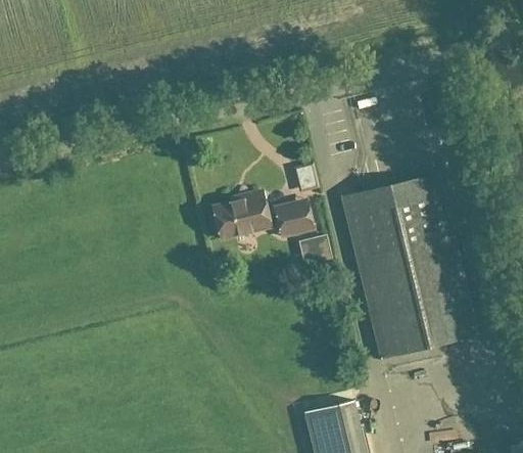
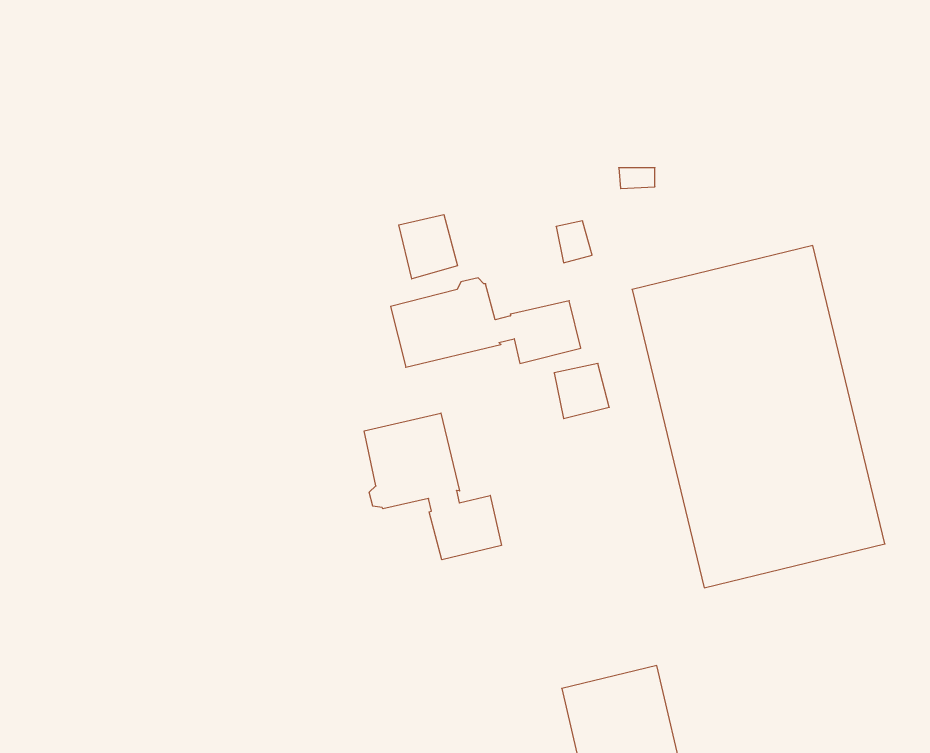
building: none -> [399,215,458,279]
building: none -> [364,413,501,560]

